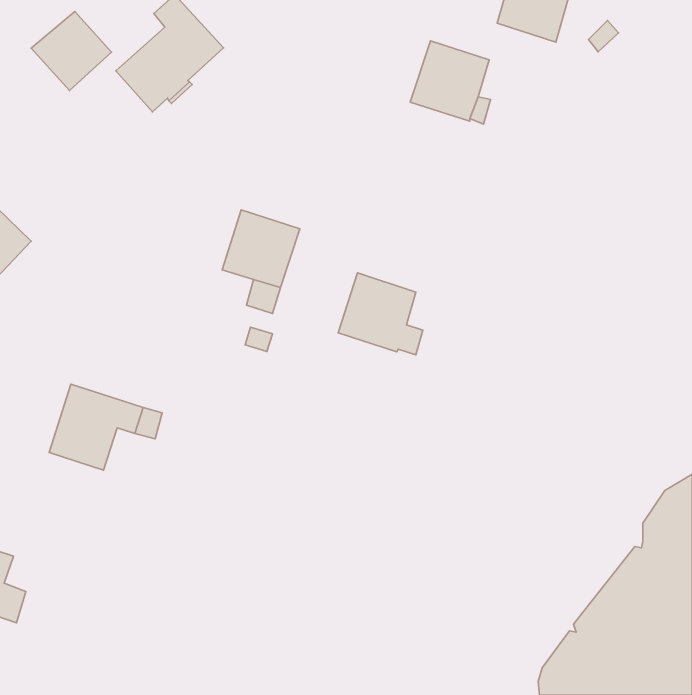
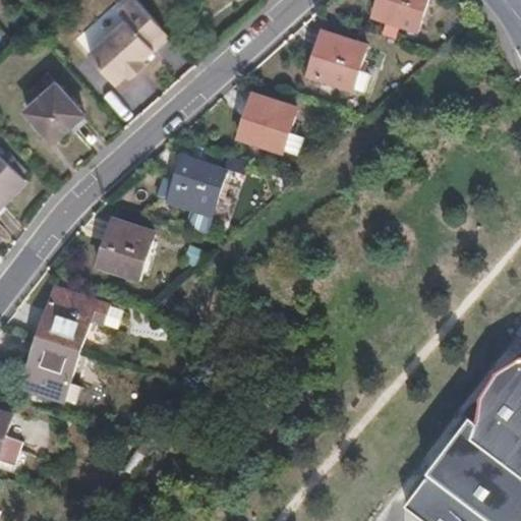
building: [31,11,112,90] -> [23,82,83,141]
building: [338,273,423,355] -> [237,94,300,155]
building: none -> [96,218,155,281]
building: none -> [20,338,77,404]

